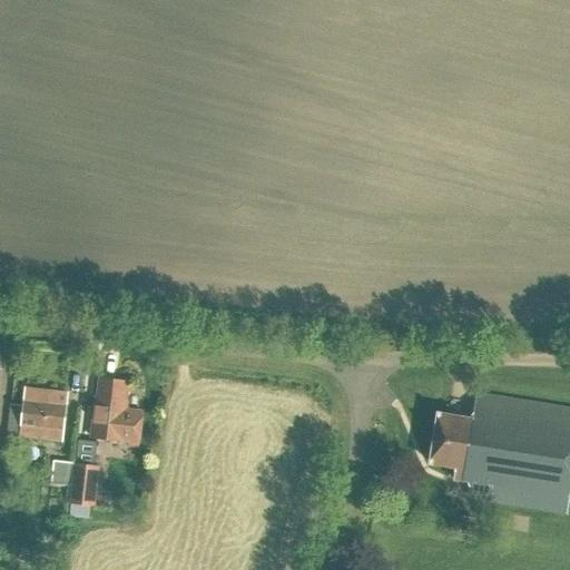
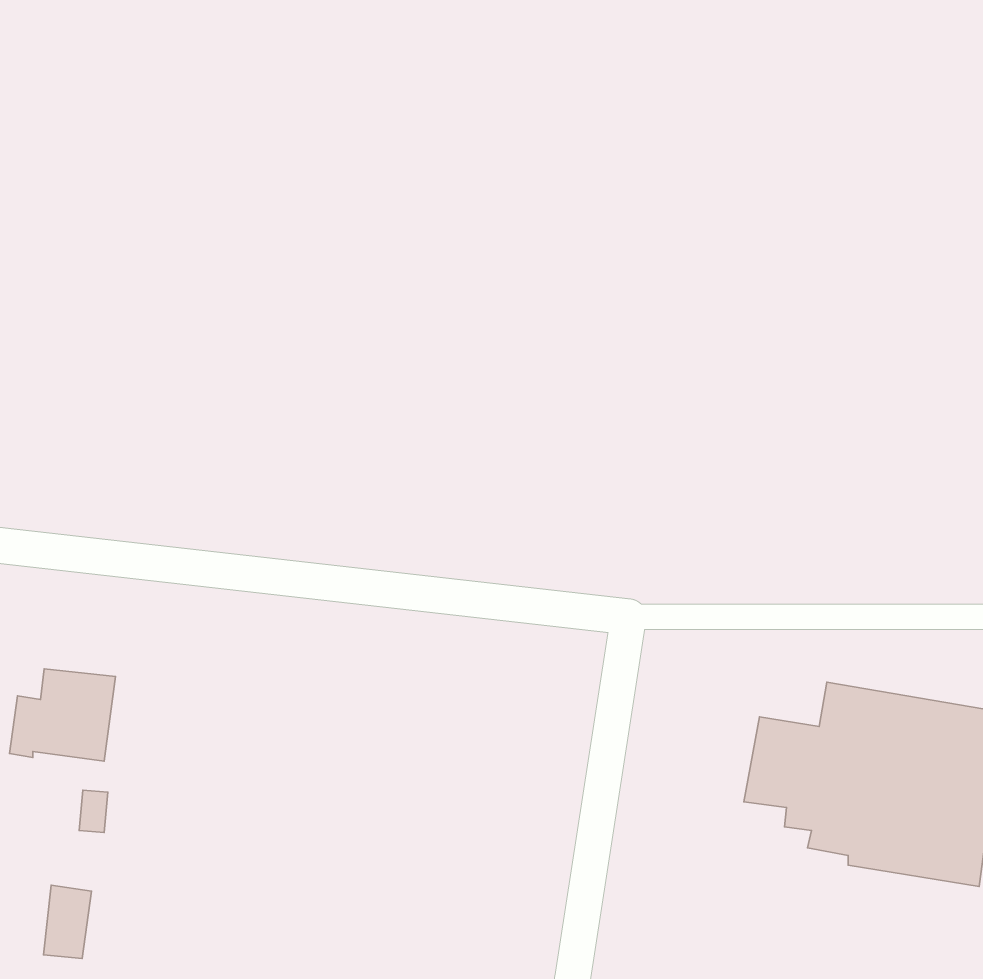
building: [92,377,142,444] -> none
building: [69,463,97,505] -> [43,885,92,959]

